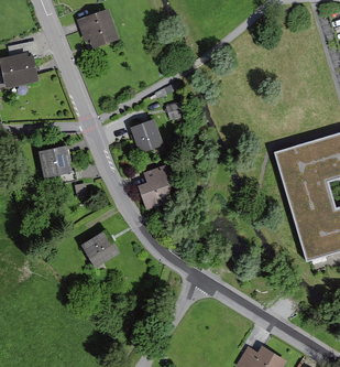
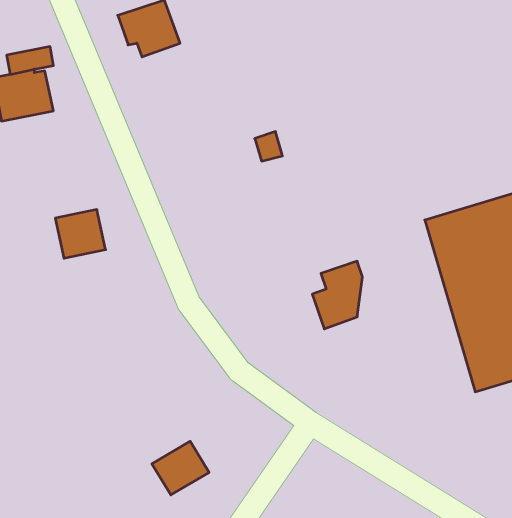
building: [132,120,162,152] -> none
building: [139,165,171,208] -> [312,261,362,329]
building: [81,231,118,266] -> [152,441,209,495]

